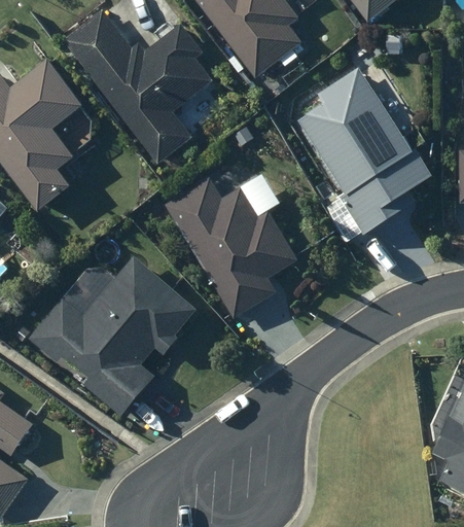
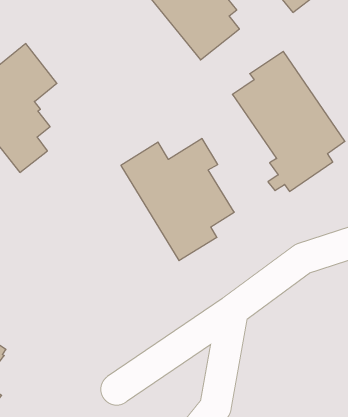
building: [66,13,206,154] -> none
building: [30,257,200,417] -> none

